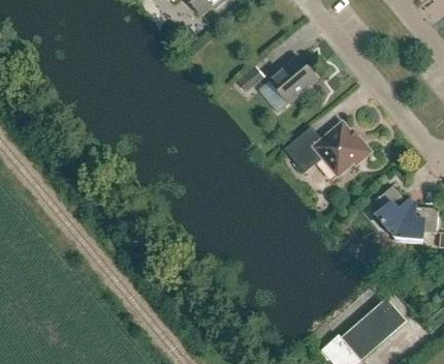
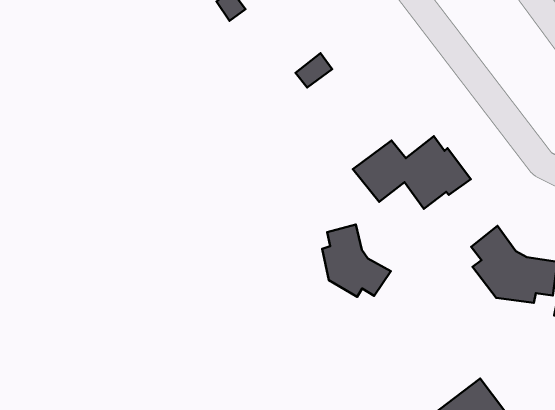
building: [271,56,318,103] -> none
building: none -> [322,224,391,297]

